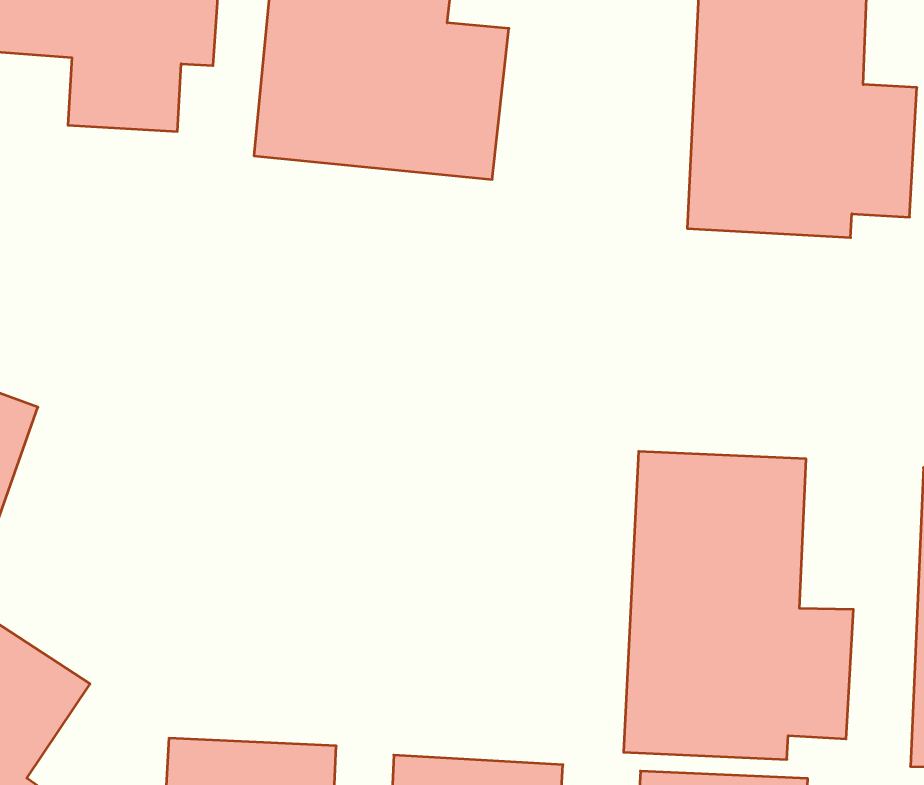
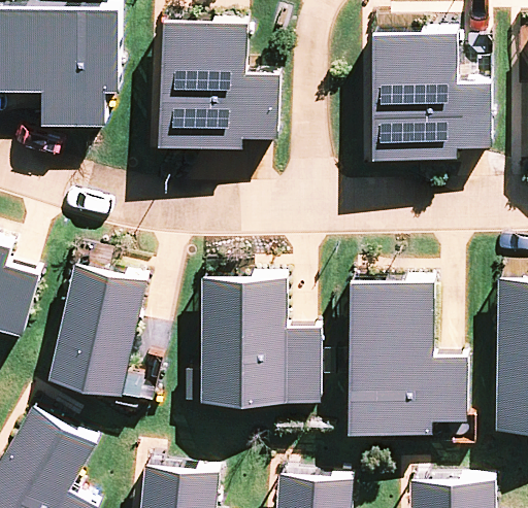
building: none -> [53,264,147,398]
building: none -> [202,281,320,402]

